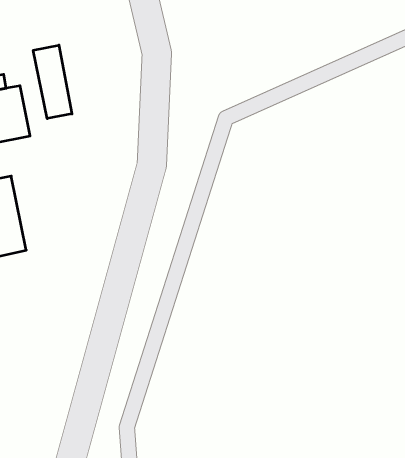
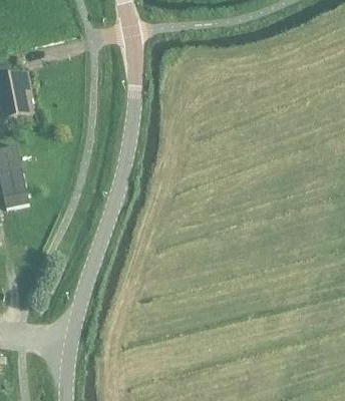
building: [33,45,72,119] -> none

